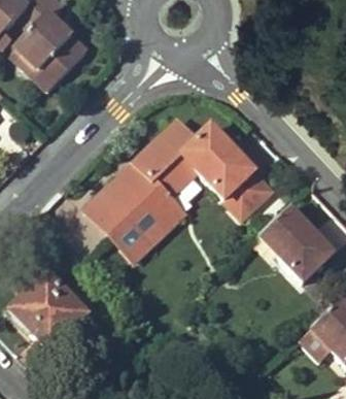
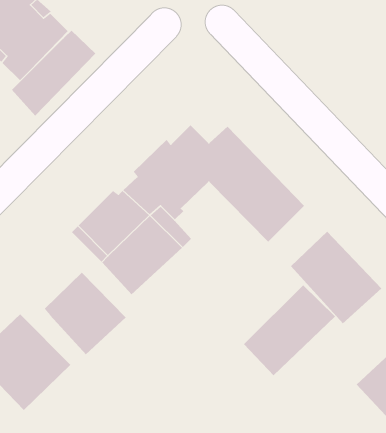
building: none -> [11,30,96,116]
building: none -> [44,272,127,355]
building: none -> [243,285,336,376]

